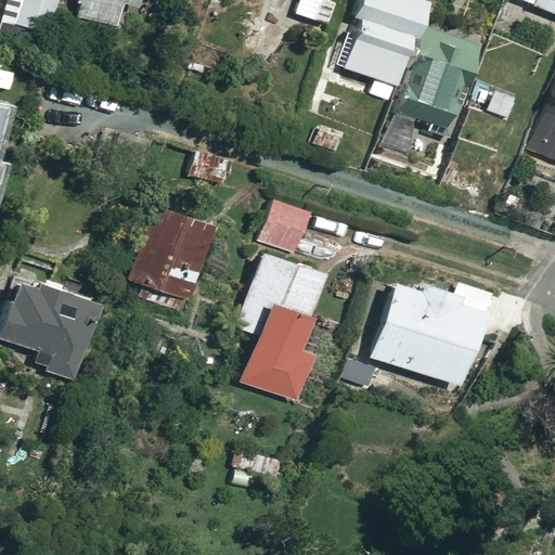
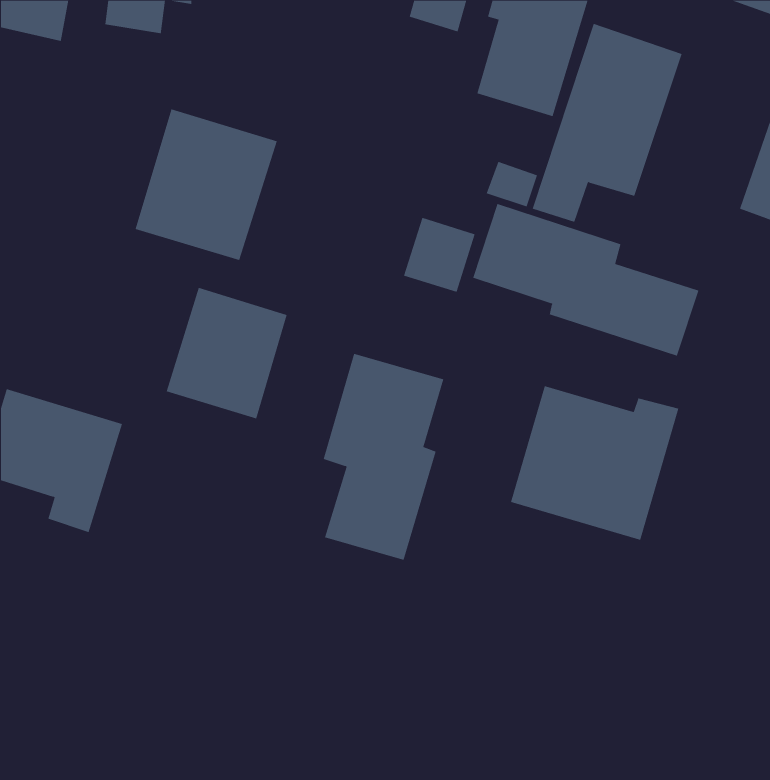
building: none -> [135,109,278,261]
building: none -> [472,203,699,356]
building: [262,201,313,254] -> [403,217,476,293]

